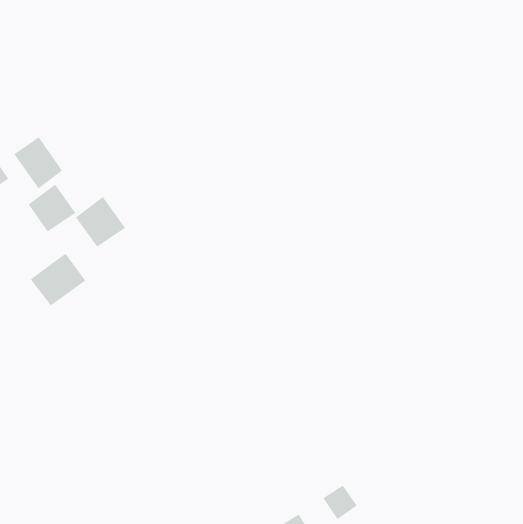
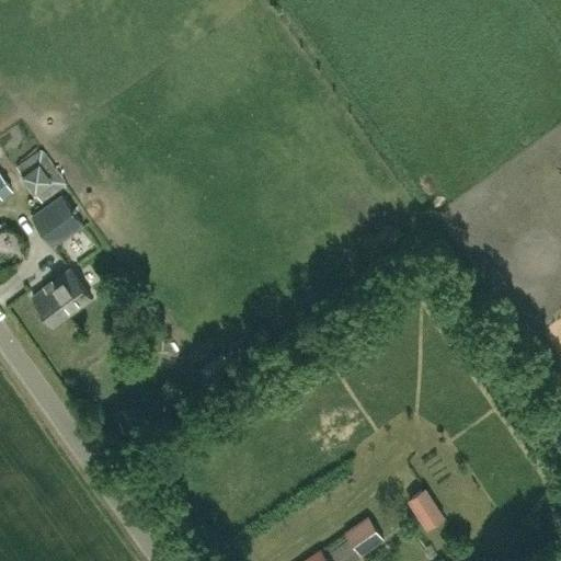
building: [75,196,126,248] -> none
building: none -> [405,488,442,528]

